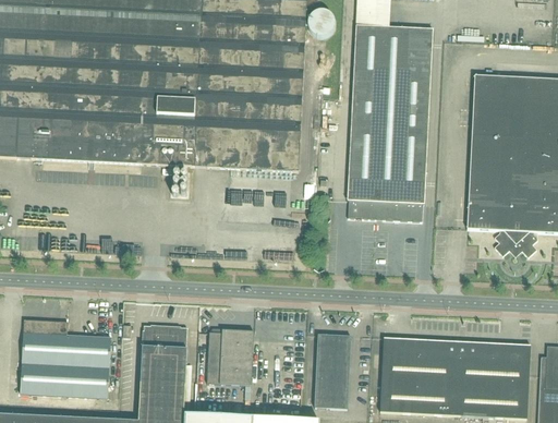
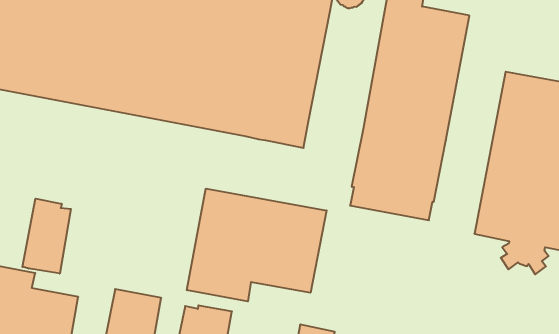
building: none -> [187,189,327,301]
building: none -> [22,199,71,274]

